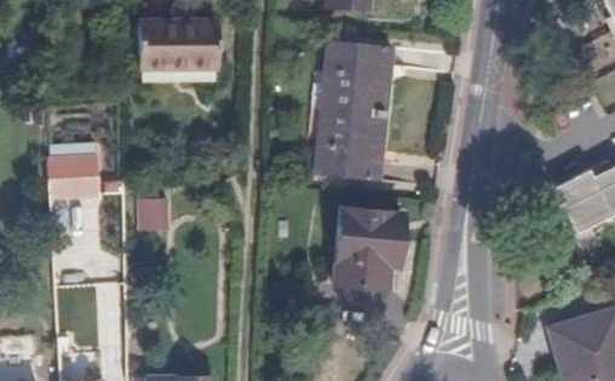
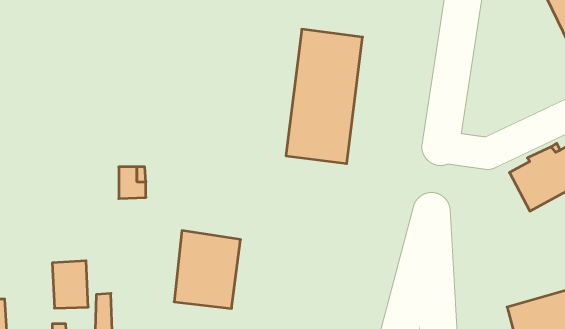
building: [140,18,219,64] -> none
building: [47,156,99,202] -> none
building: [327,206,398,289] -> [174,231,241,308]

